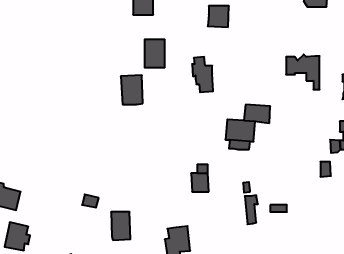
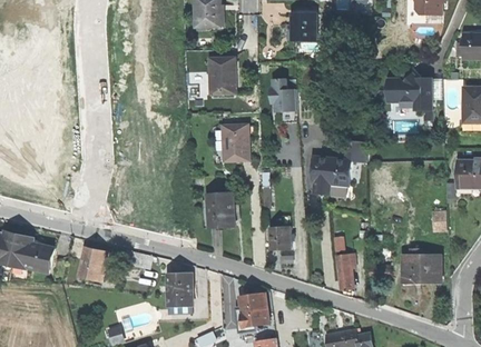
building: [121,75,143,104] -> [223,122,251,159]
building: none -> [202,191,235,226]
building: none -> [403,255,441,280]
building: [5,222,30,250] -> [78,246,110,281]

